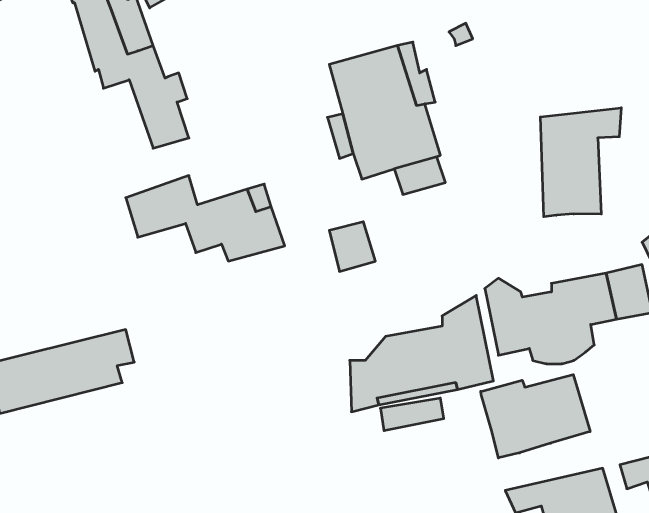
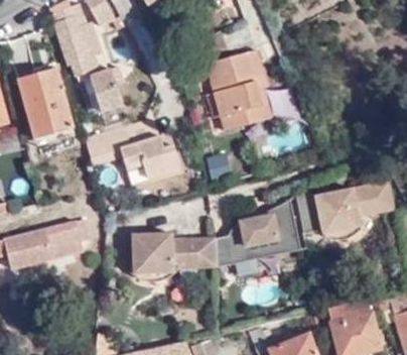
building: none -> [16,66,72,136]
building: [540,108,621,217] -> none
building: none -> [128,233,219,279]
building: [481,375,590,458] -> none

